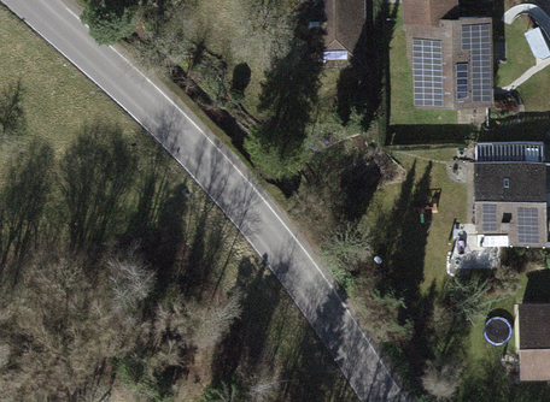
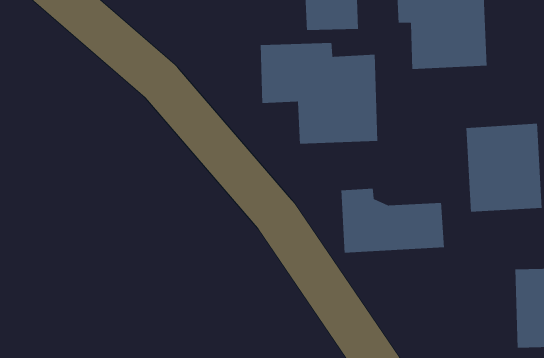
building: none -> [260,42,378,145]
building: none -> [340,188,445,253]

